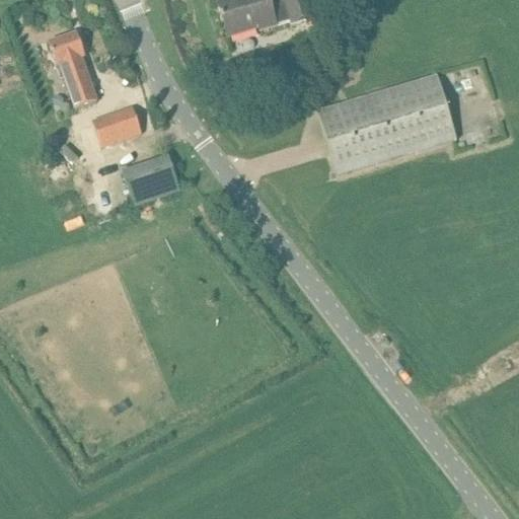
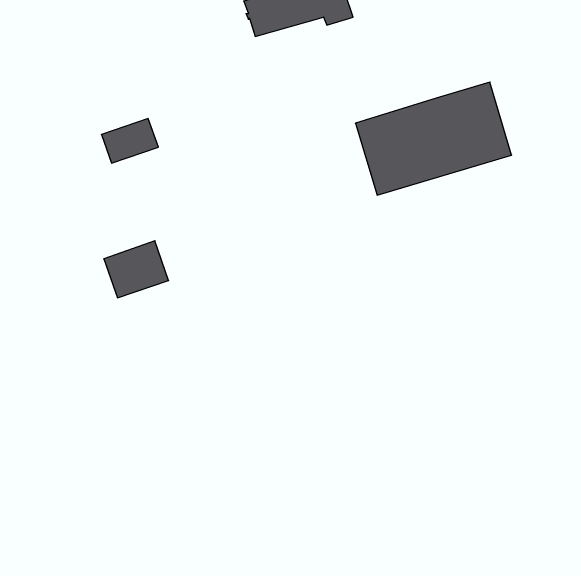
building: [49,30,96,106] -> none
building: [123,153,180,204] -> [104,241,169,298]

